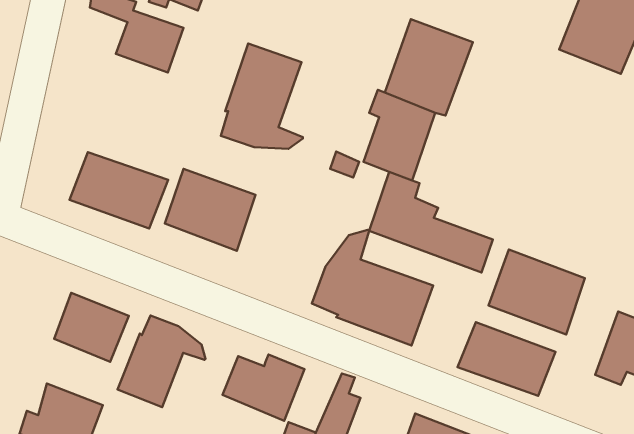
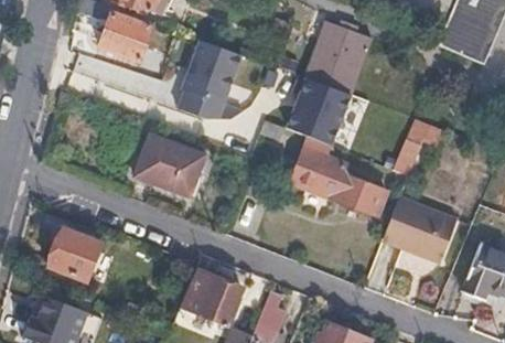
building: none -> [393,119,443,176]
building: [70,152,168,228] -> none
building: [312,230,433,346] -> none
building: [117,315,205,407] -> none
building: [458,322,556,396] -> none

